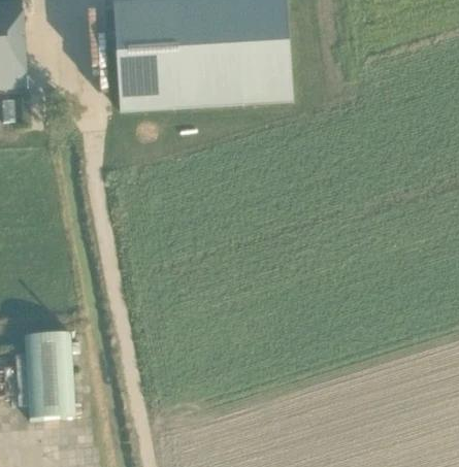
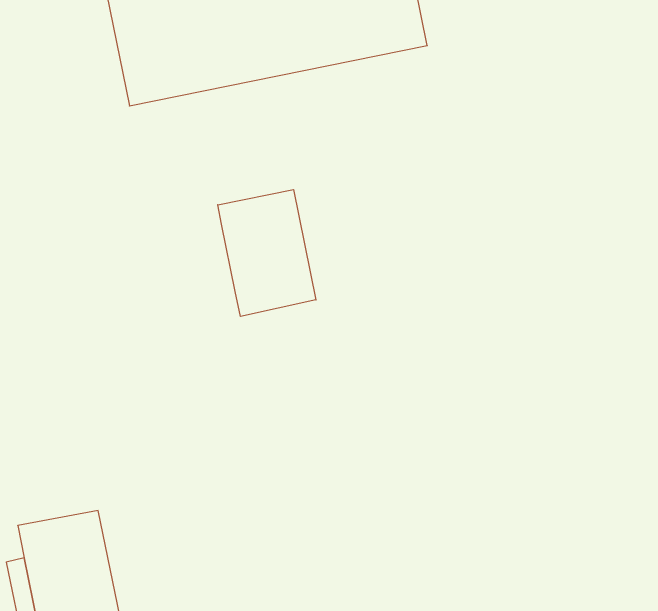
building: none -> [218,190,316,316]

